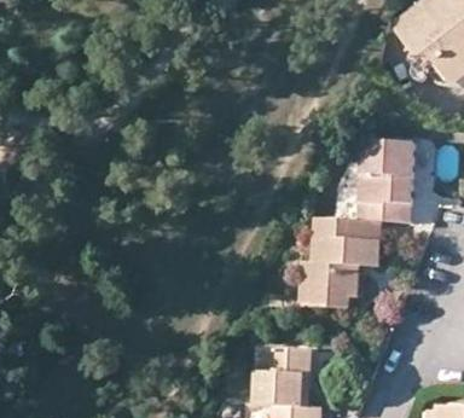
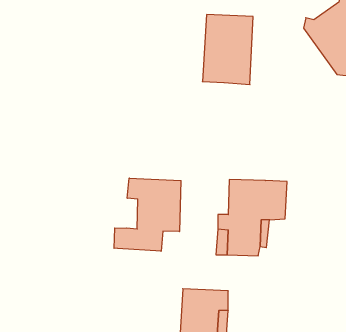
building: [355,140,414,222] -> [202,15,253,85]
building: none -> [114,178,181,251]

